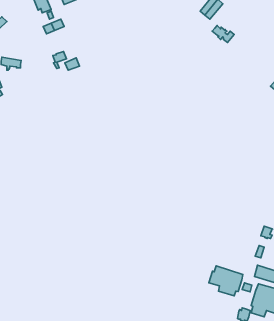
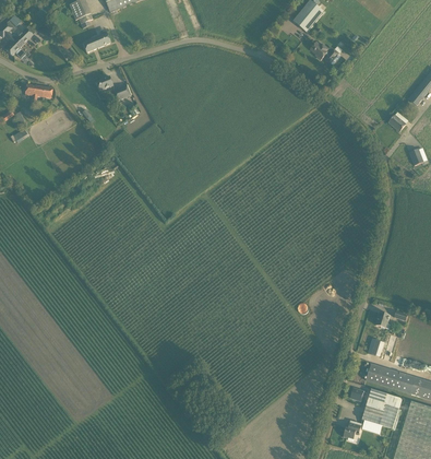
building: [209,266,243,296] -> none

